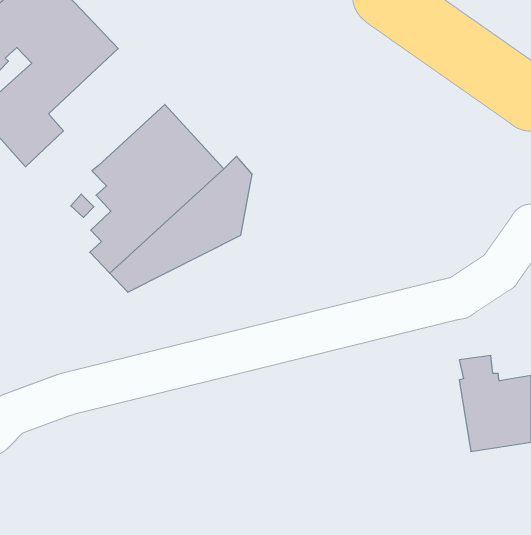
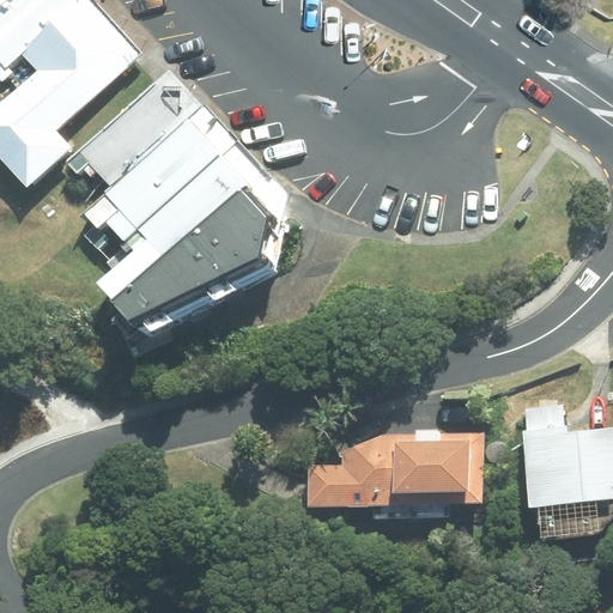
building: none -> [67,69,201,188]
building: none -> [310,430,484,509]

